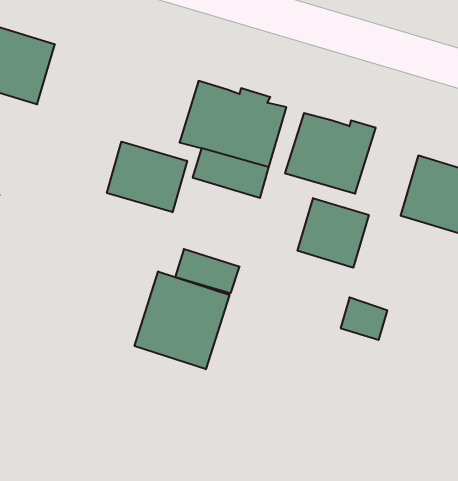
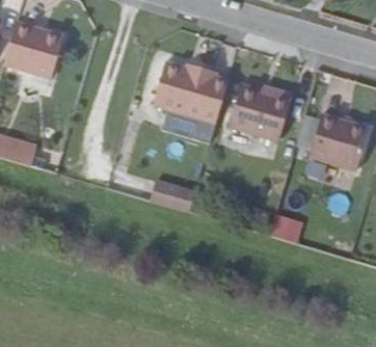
building: [107,142,187,212] -> none
building: [298,198,369,268] -> none
building: [135,271,229,369] -> none

